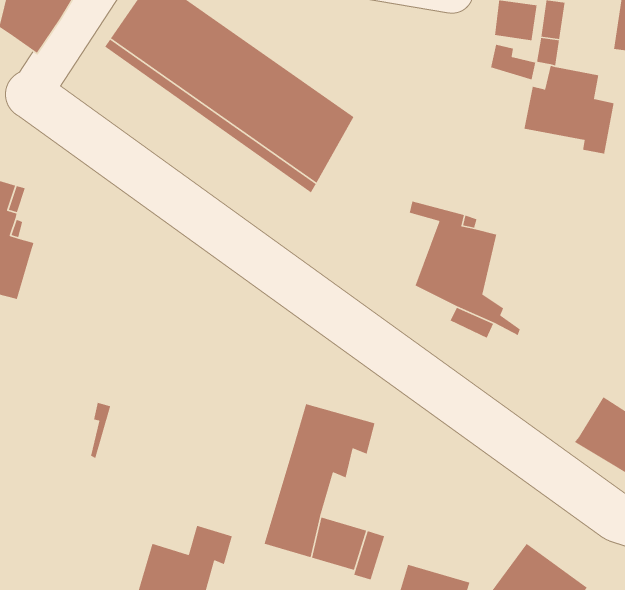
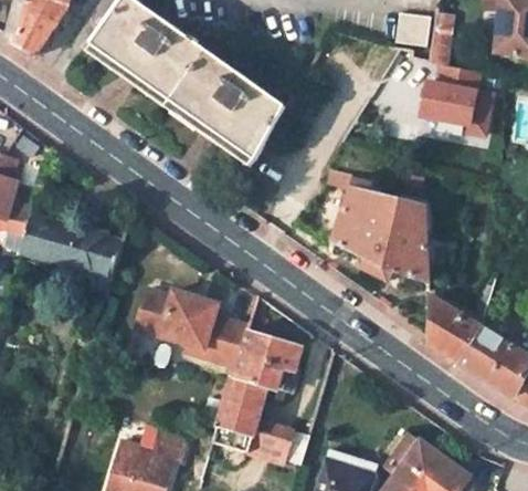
building: none -> [387,198,482,358]
building: none -> [18,212,120,293]
building: none -> [139,286,250,366]

